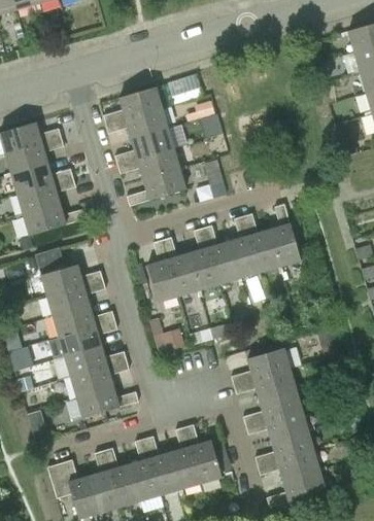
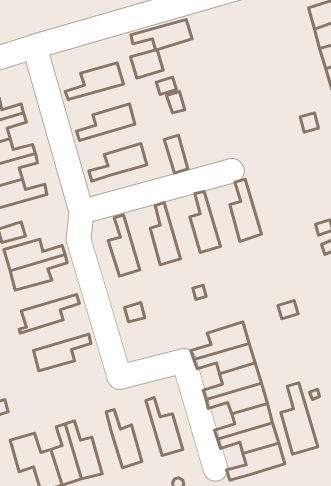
building: [106,108,168,139] -> [131,19,192,50]
building: [117,148,179,179] -> none
building: [243,213,279,272] -> none
building: [203,225,239,284] -> none
building: [162,237,199,296] -> none
building: [53,306,114,337] -> none
building: [58,346,127,377] -> none
building: [76,387,138,418] -> none
building: none -> [281,383,318,454]
building: [170,427,201,489] -> none
building: [130,439,161,501] -> none

